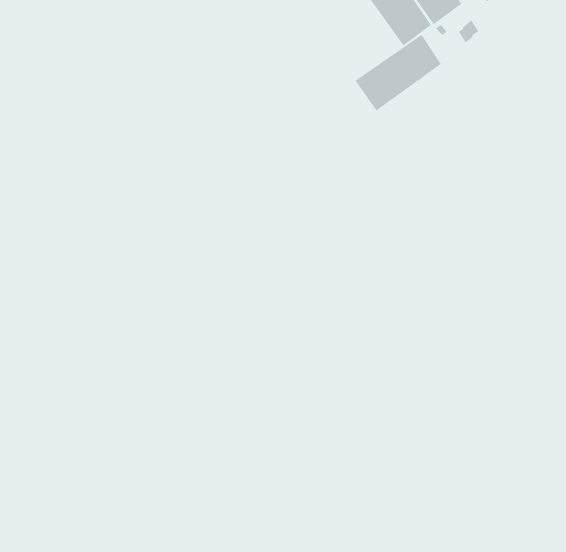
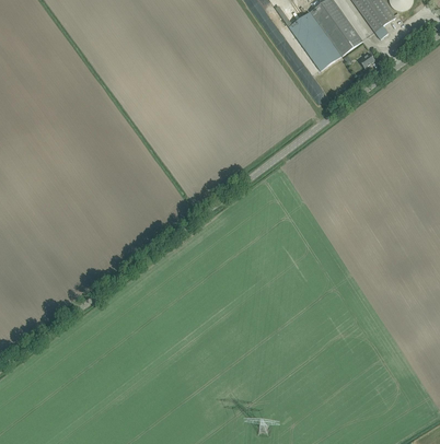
building: [354,34,442,111] -> none

